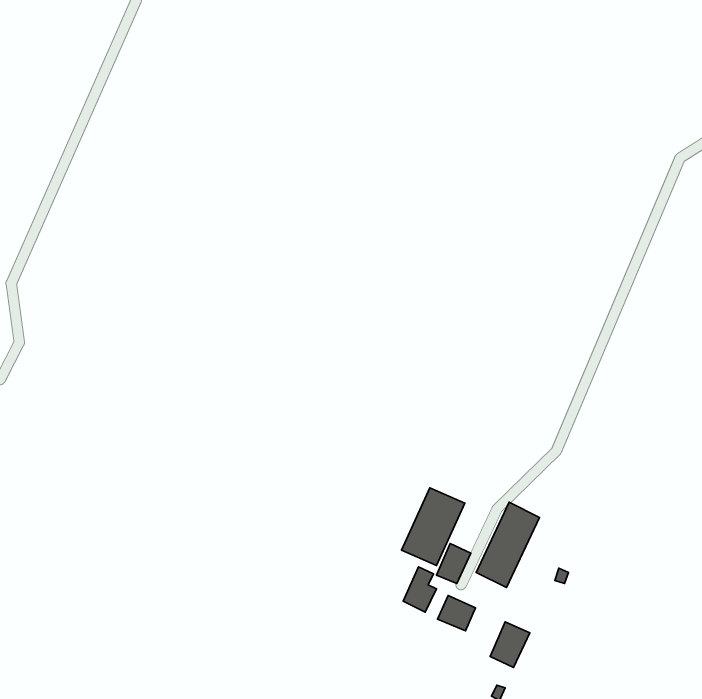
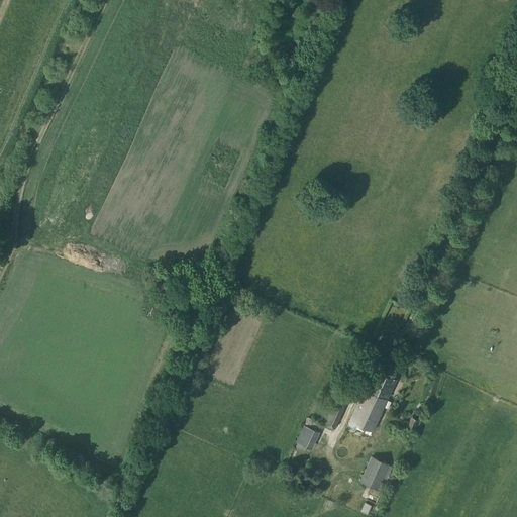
building: [401,488,465,565] -> none
building: [437,595,476,631] -> none

